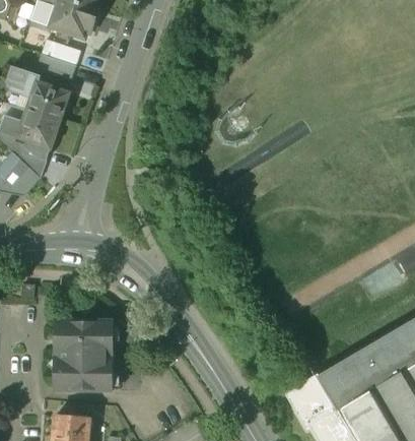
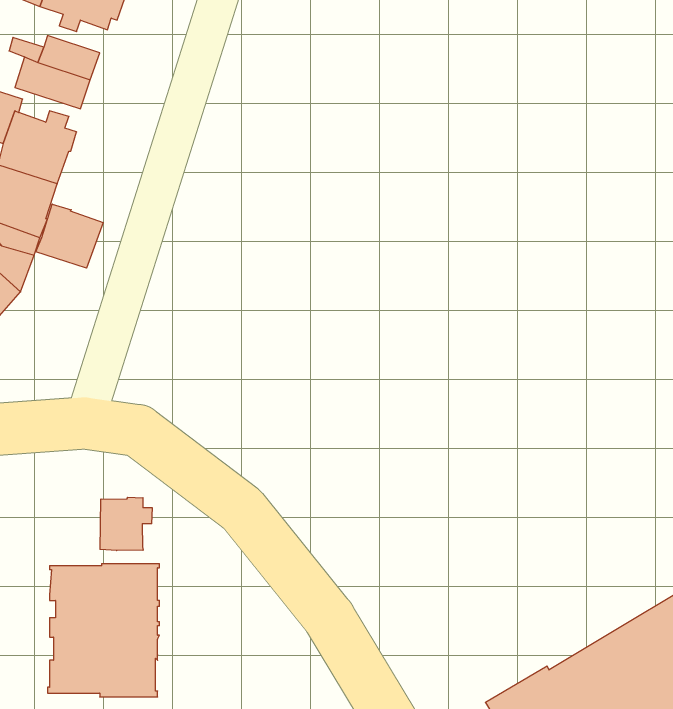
building: none -> [36,204,103,268]
building: none -> [100,497,152,551]

